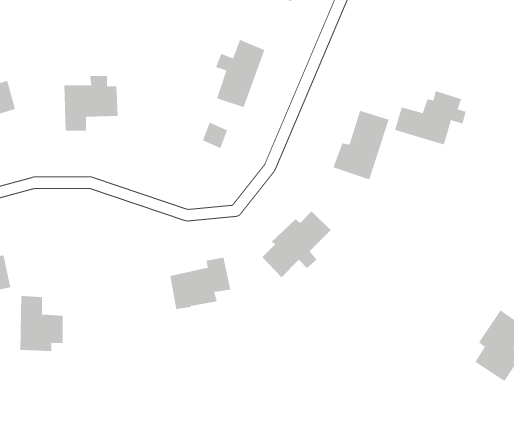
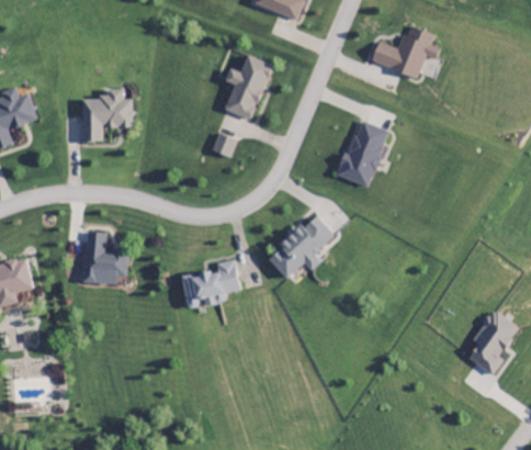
building: [394,91,466,145] -> [371,26,439,78]
building: [19,296,64,351] -> [84,232,126,284]

